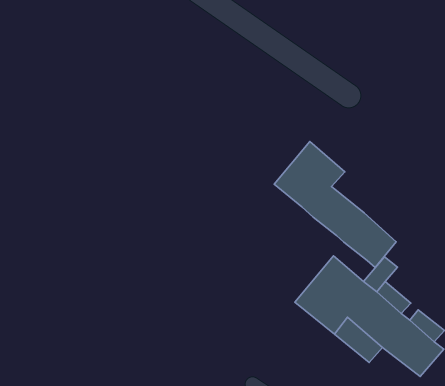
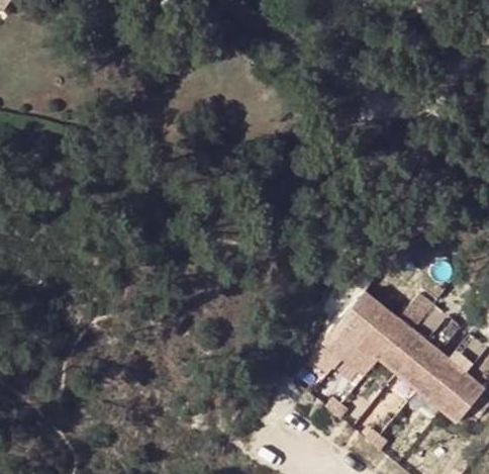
building: [274,142,396,268] -> none

